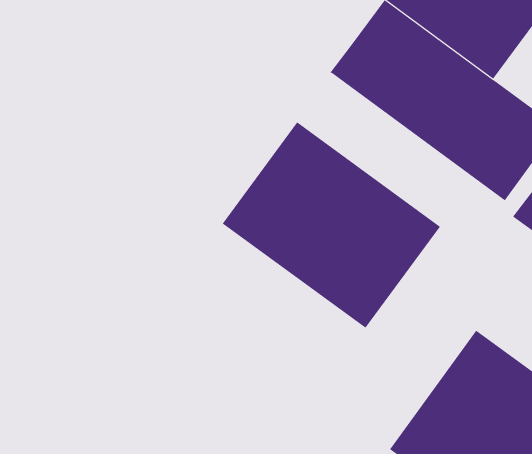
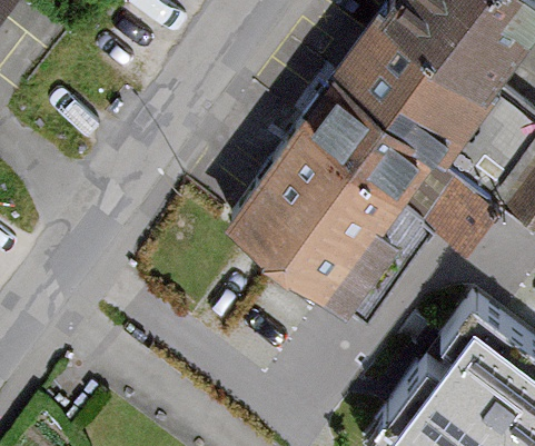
building: none -> [297,82,495,249]

